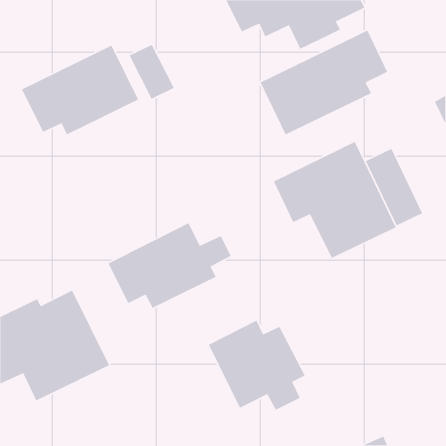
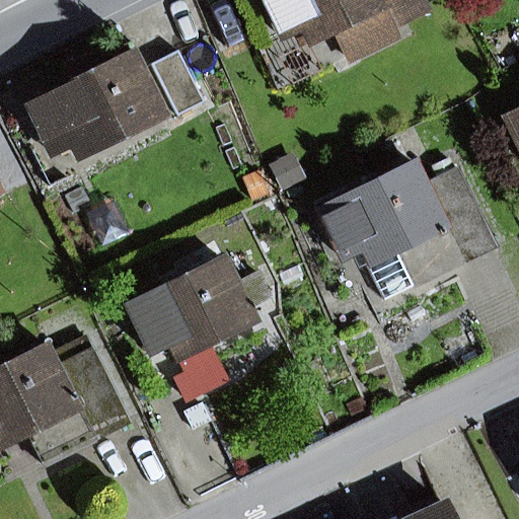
building: [259,29,388,135] -> none
building: [208,320,306,411] -> none

